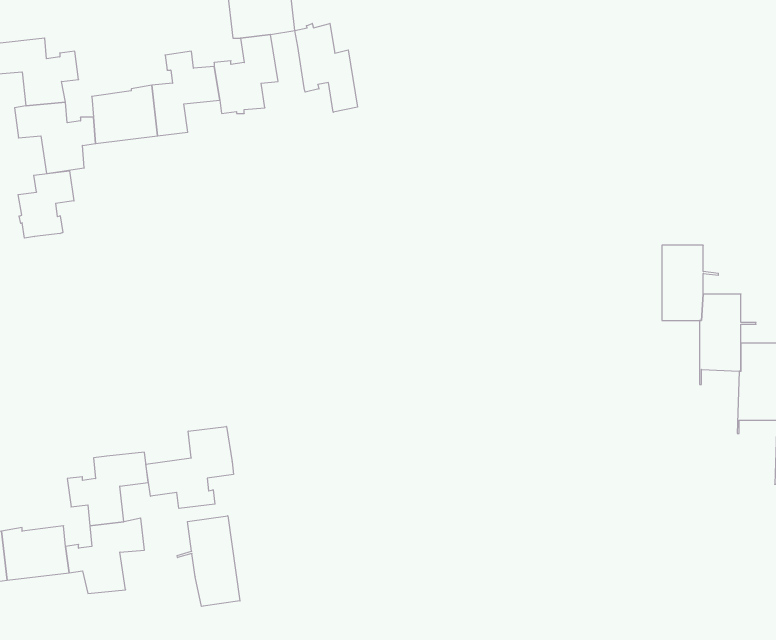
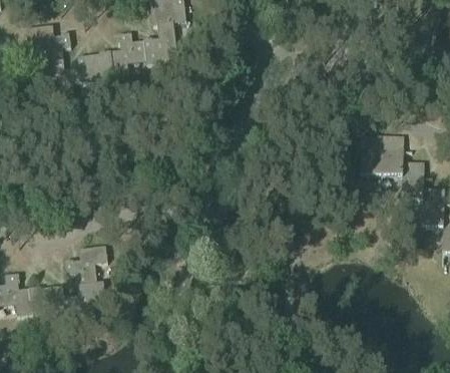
building: [295,23,357,112] -> none
building: [18,171,74,238] -> none
building: none -> [361,135,382,183]
building: [146,426,233,508] -> none
building: [177,516,240,606] -> none

